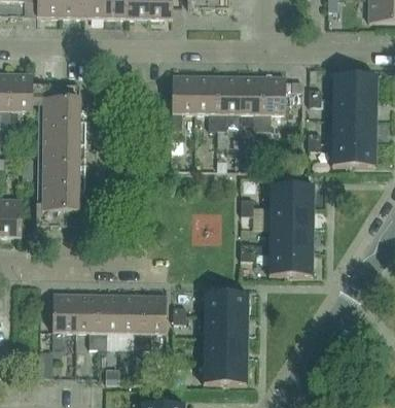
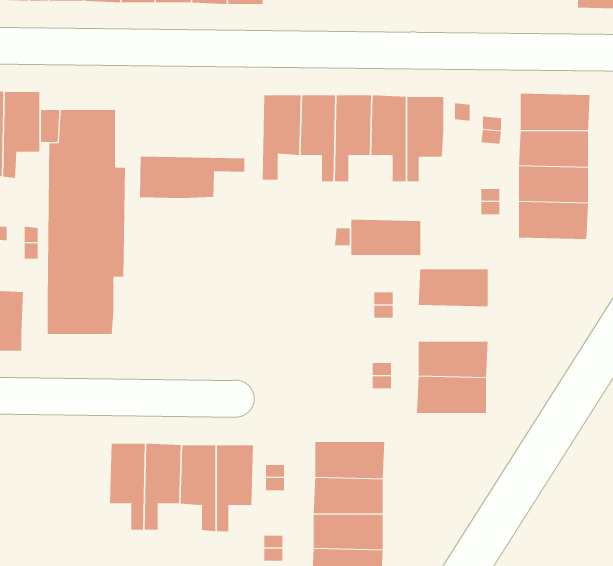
building: none -> [139,156,245,199]
building: [270,207,314,230] -> [351,219,421,255]
building: [52,294,77,347] -> none

